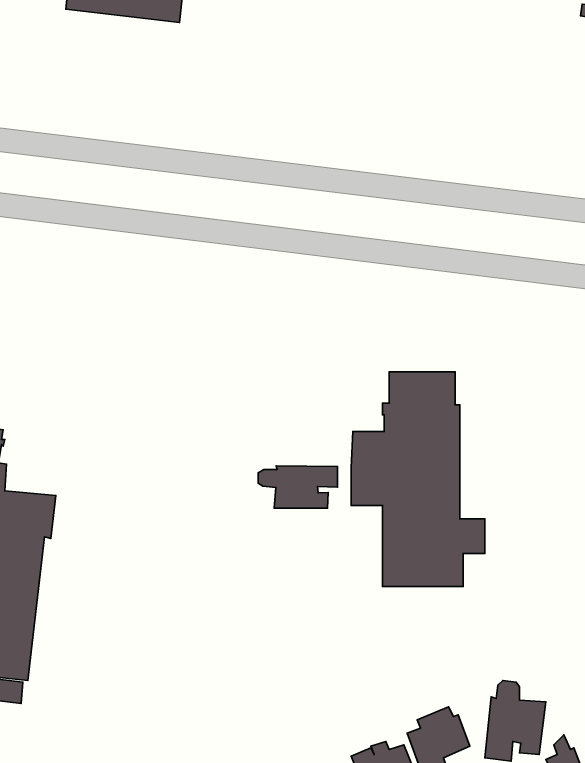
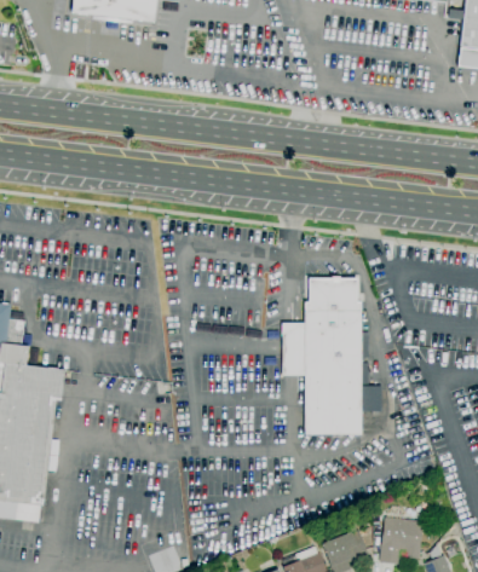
building: [258,466,337,508] -> none

